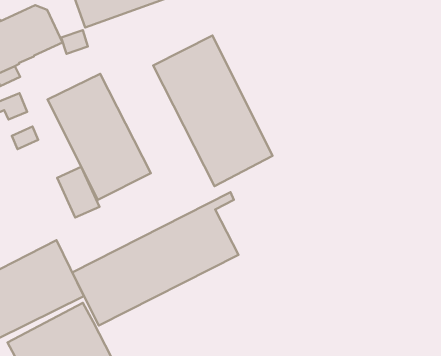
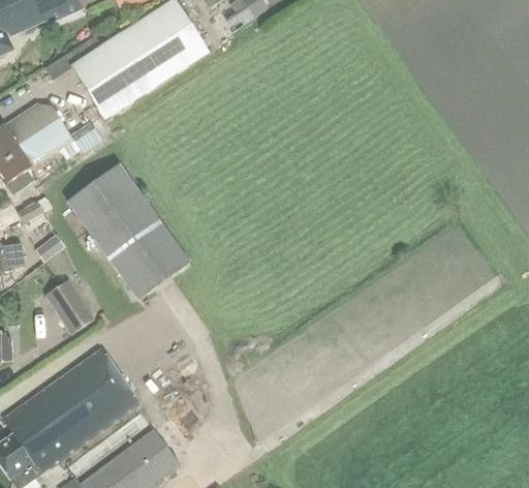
building: [153,36,273,186] -> none
building: [57,167,99,218] -> [44,280,94,335]
building: [72,192,239,326] -> none

